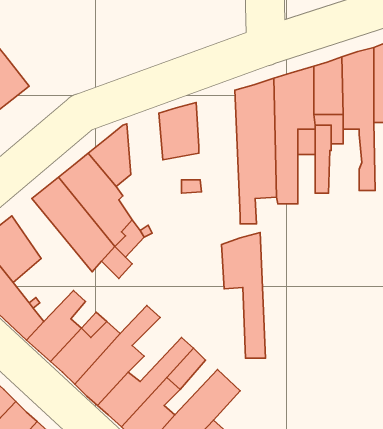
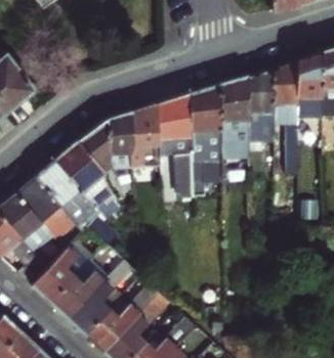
building: none -> [108,111,135,159]
building: none -> [19,177,81,241]
building: [222,233,266,358] -> [161,94,195,190]

